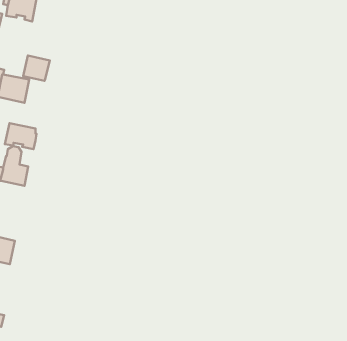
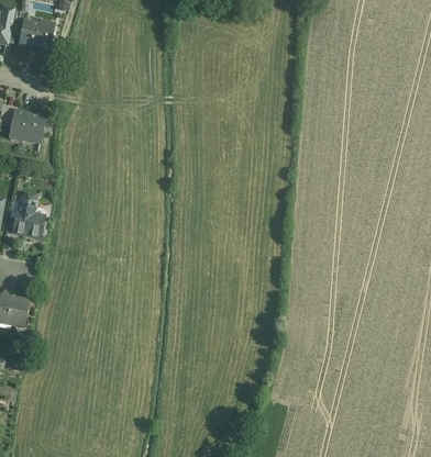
building: [23,56,50,81] -> none
building: [5,123,36,149] -> none

